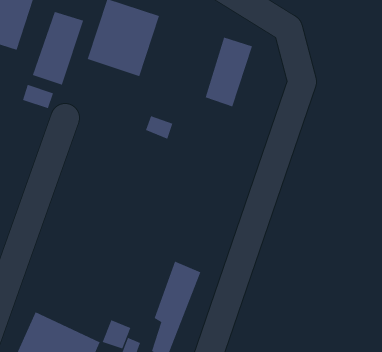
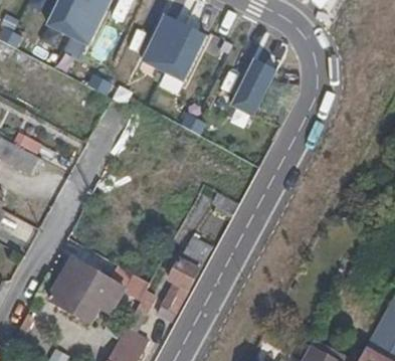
building: [32,11,84,86] -> none

